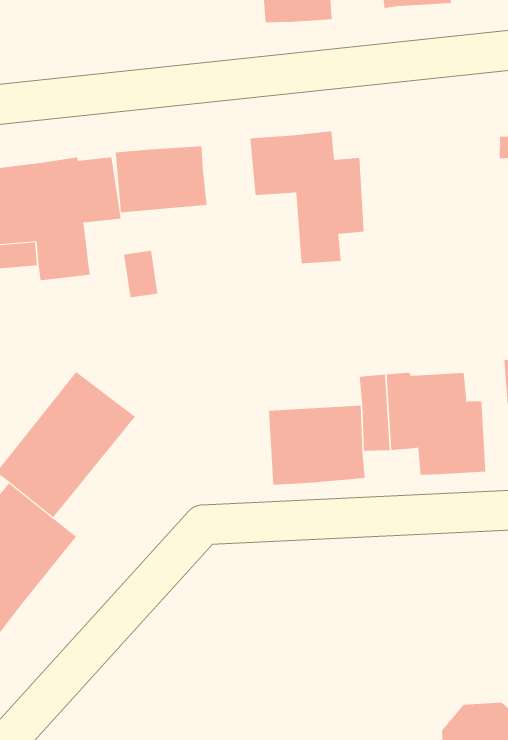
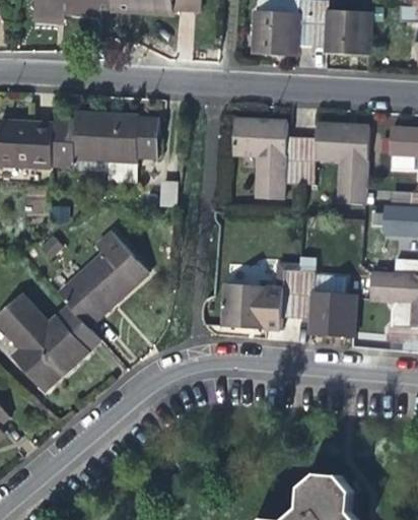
building: none -> [299,123,372,204]
building: [115,146,207,213] -> none

